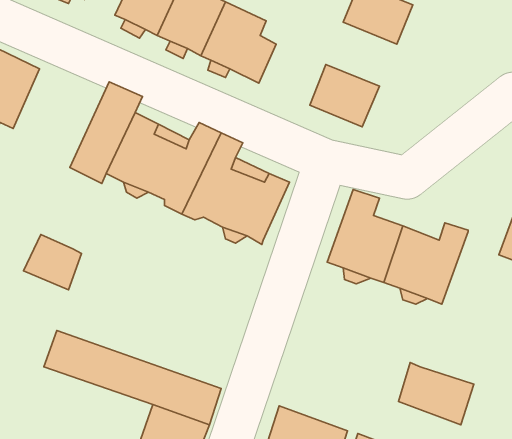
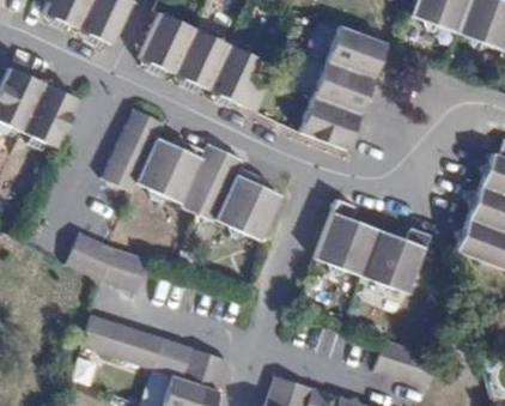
building: none -> [315,60,373,113]
building: none -> [103,250,148,291]

